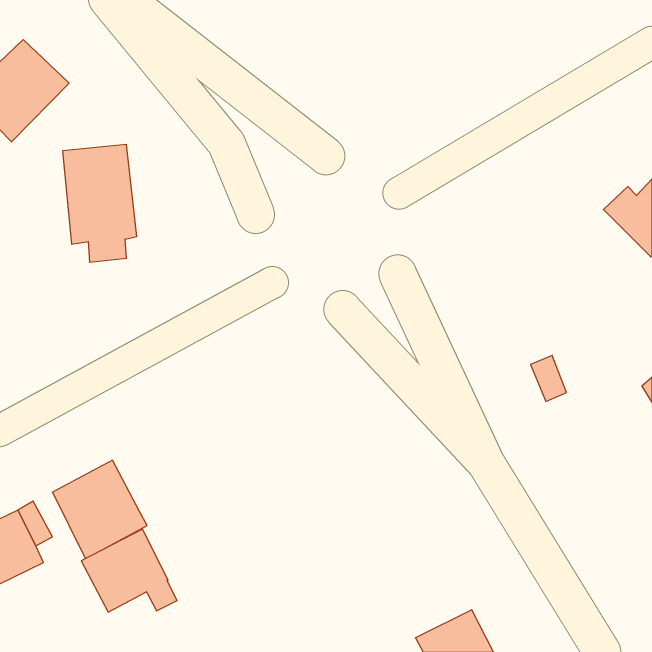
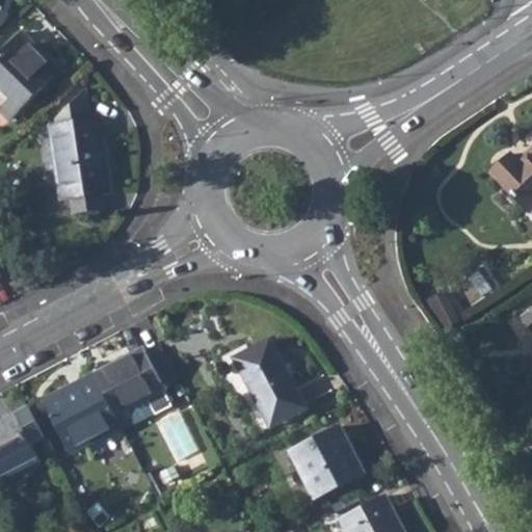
building: none -> [222,342,303,431]
building: none -> [290,426,363,498]
building: [81,529,177,612] -> [91,348,169,416]

